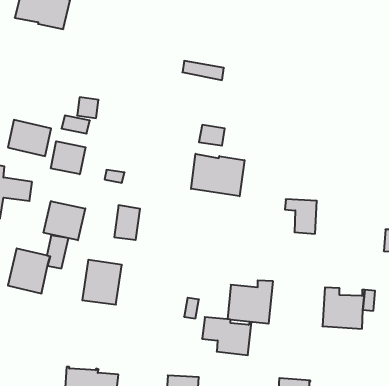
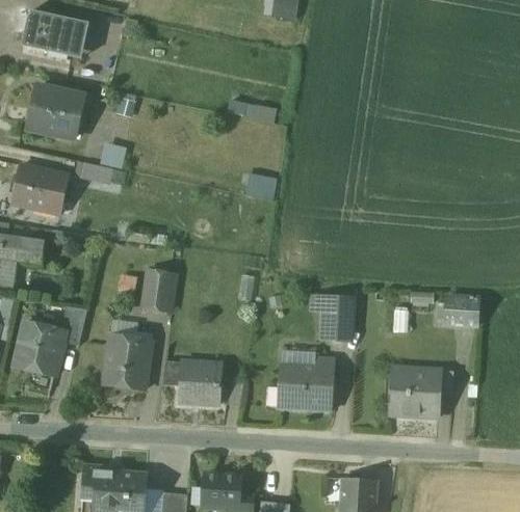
building: none -> [30,89,82,139]
building: [51,141,86,174] -> none
building: [191,154,244,196] -> none
building: [285,199,317,234] -> [313,298,352,340]
building: [44,201,85,240] -> none
building: none -> [446,297,468,325]
building: [202,317,251,355] -> [164,360,224,406]

